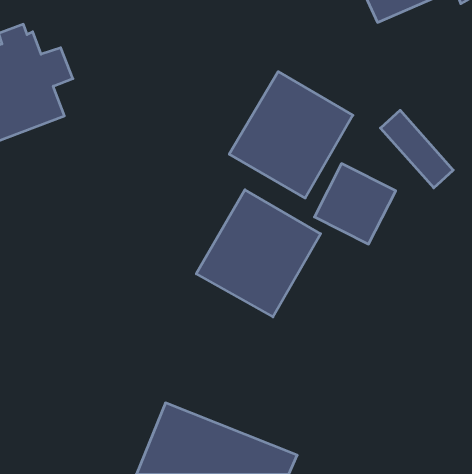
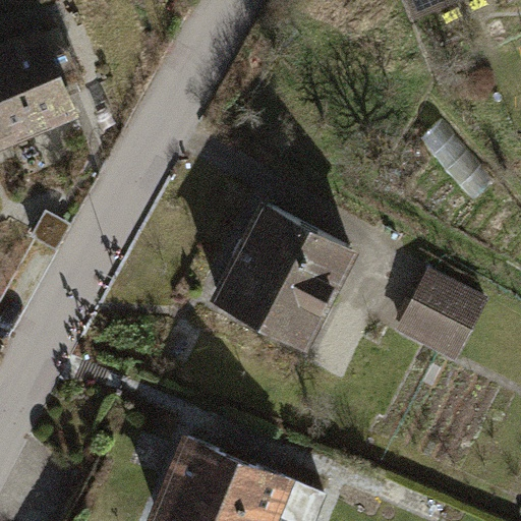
building: [229,72,353,198] -> none
building: [314,164,396,244] -> [397,271,485,358]

